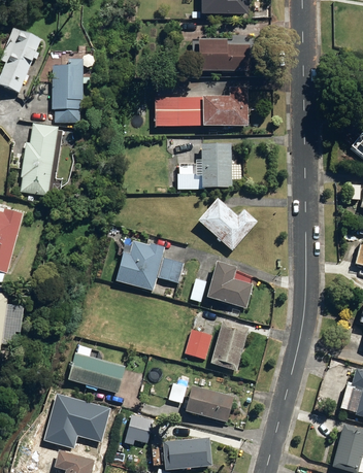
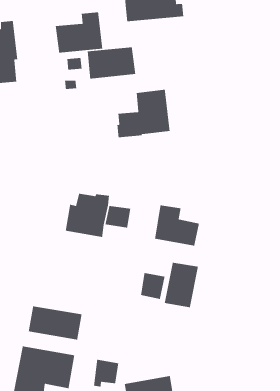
building: [201,87,249,126] -> [55,12,103,53]
building: [196,198,257,251] -> none
building: [184,385,233,423] -> none

